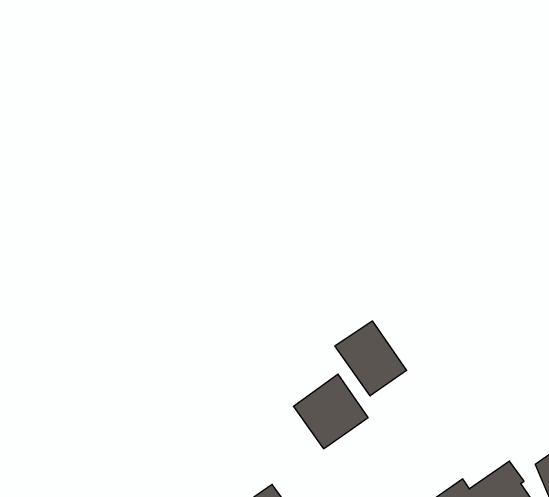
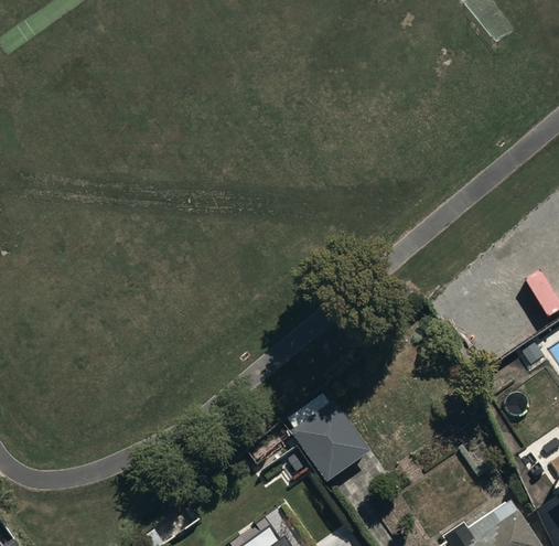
building: [335,321,407,396] -> none

